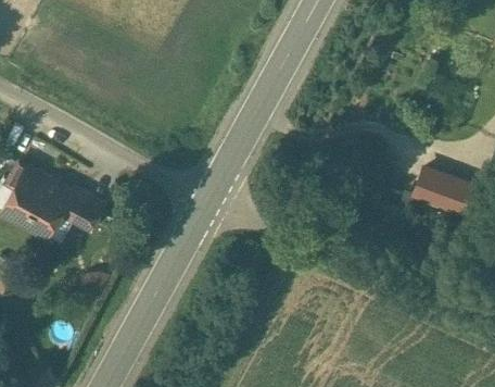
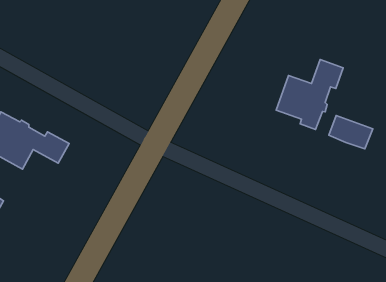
building: none -> [276,60,343,130]

